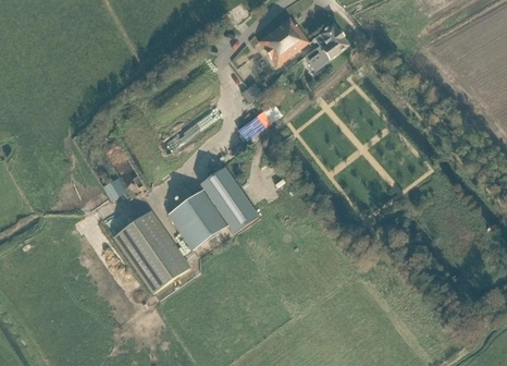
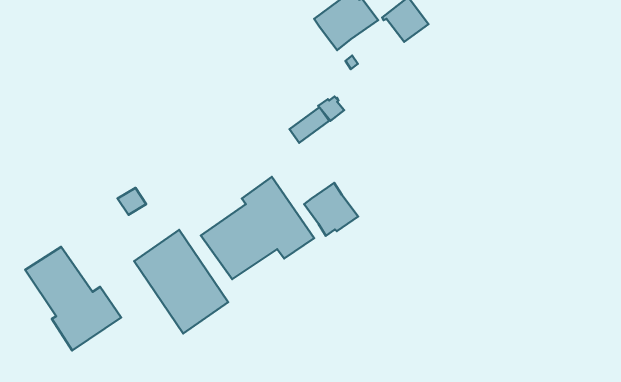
building: none -> [304,183,358,236]
building: none -> [25,247,121,351]

